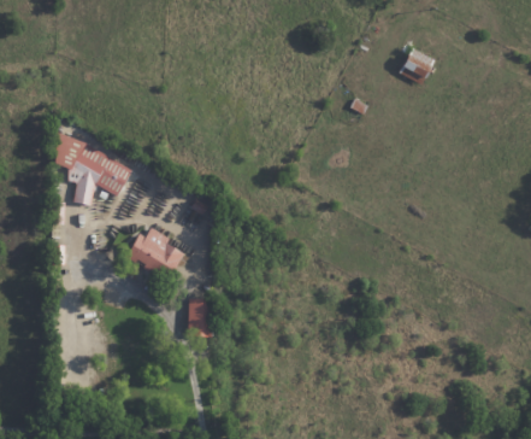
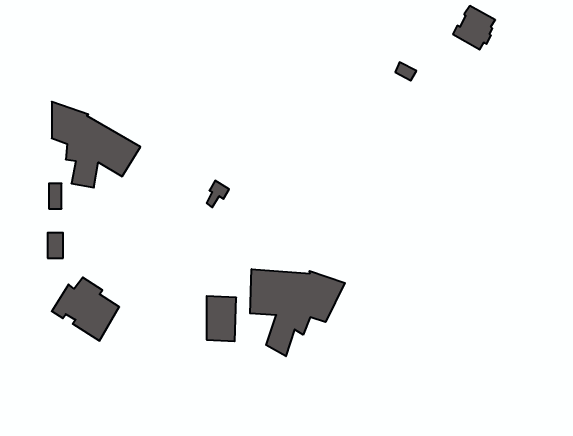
building: [125,228,183,282] -> [52,277,119,341]
building: none -> [250,269,345,356]

